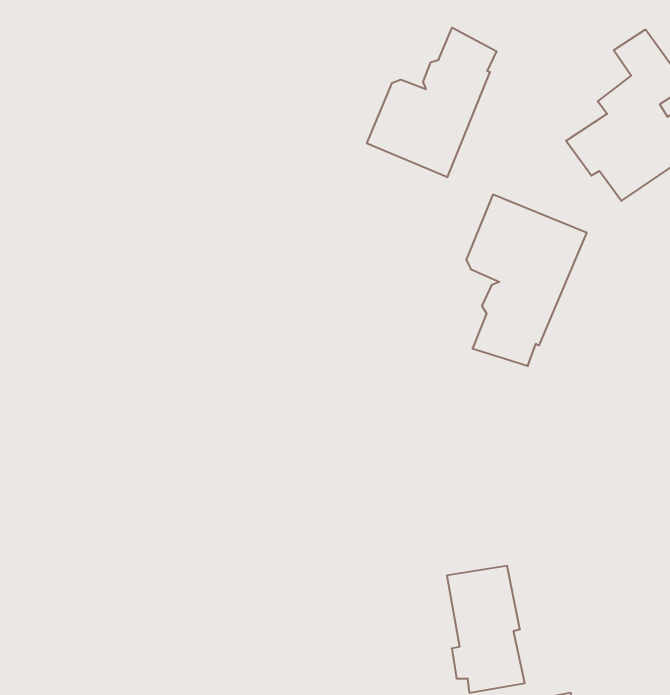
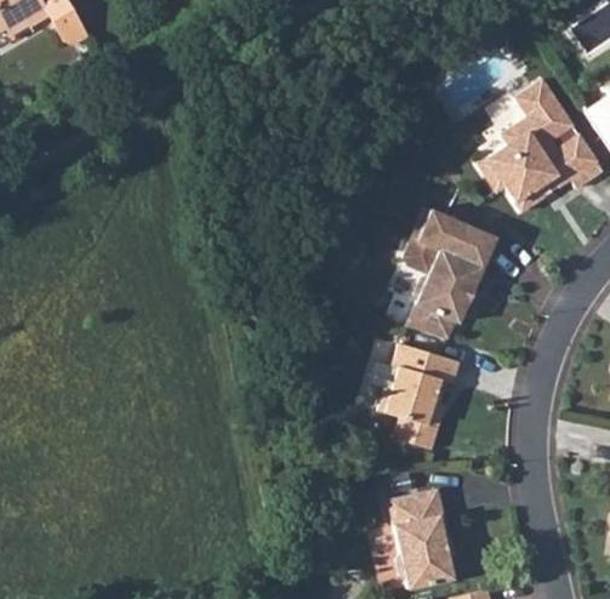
building: [367,28,496,177] -> none
building: none -> [380,344,460,447]

